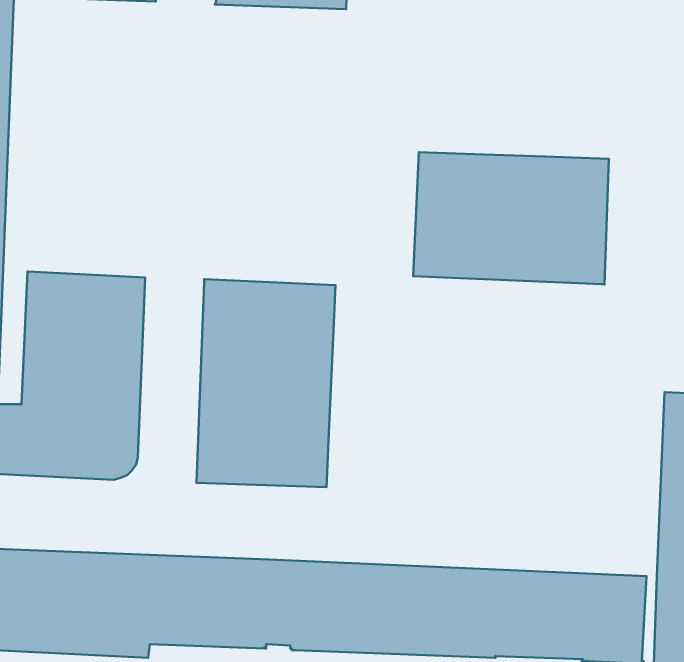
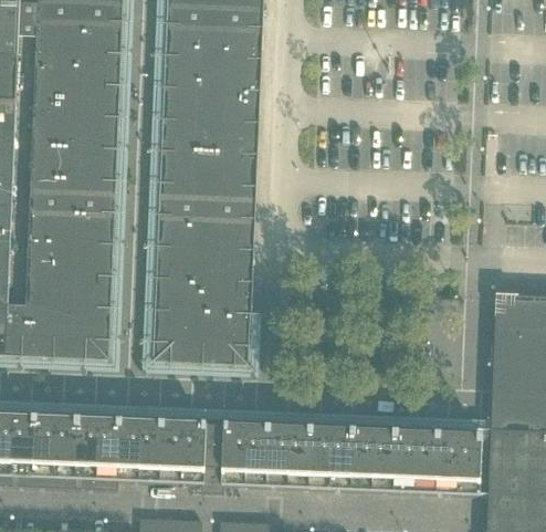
building: none -> [29,10,123,194]
building: none -> [158,15,262,199]
building: [413,152,609,284] -> none

